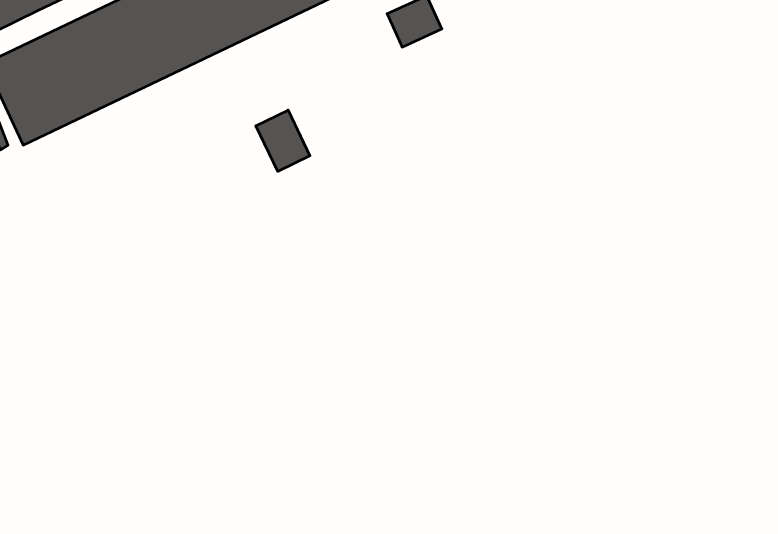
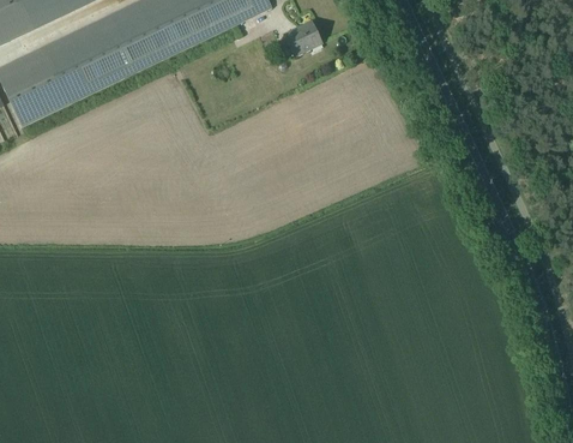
building: [256,110,310,171] -> none

